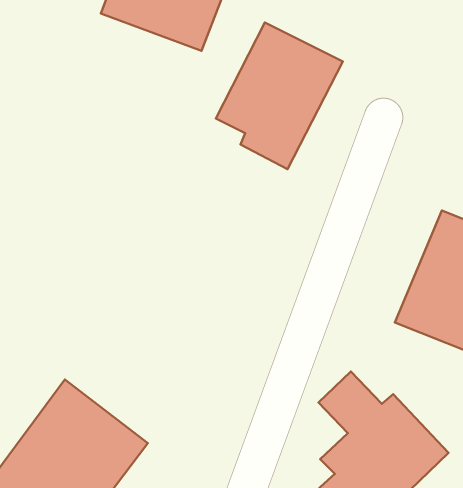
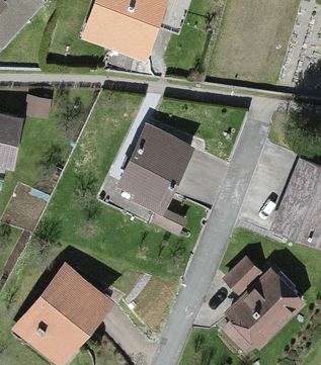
building: [216,23,343,169] -> [114,123,193,214]

